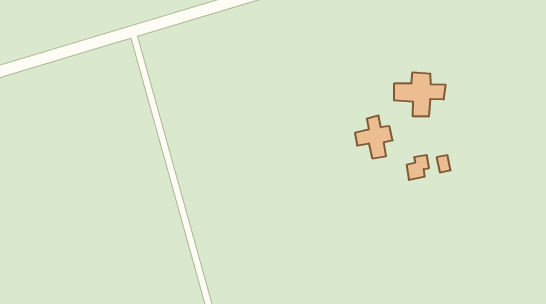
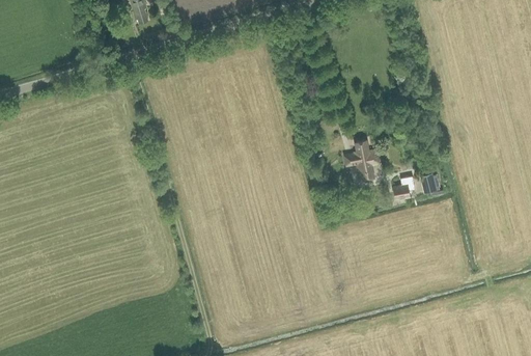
building: [394,72,445,117] -> none

